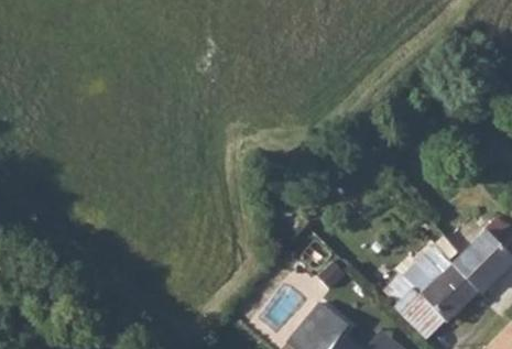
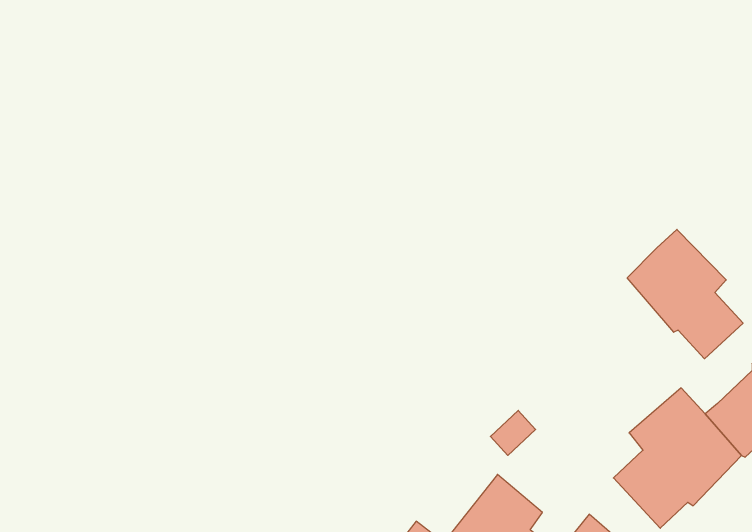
building: none -> [627,229,743,359]

